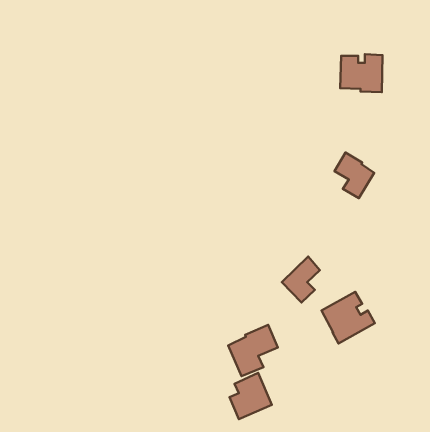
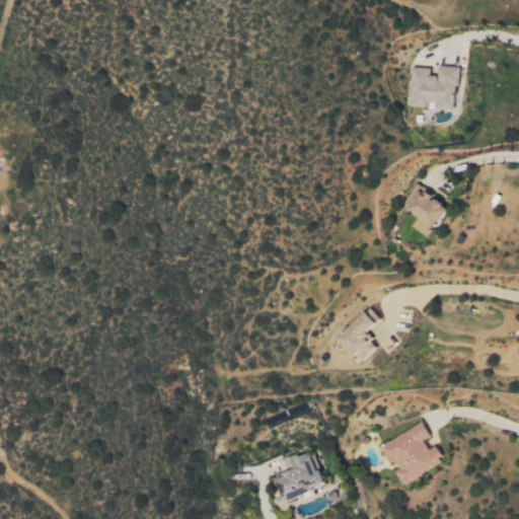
building: [321,292,375,344] -> [381,422,445,484]
building: [228,325,278,376] -> none

